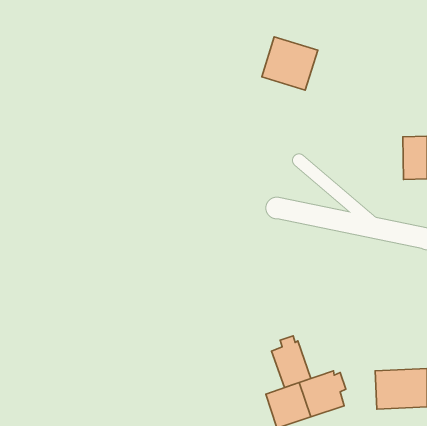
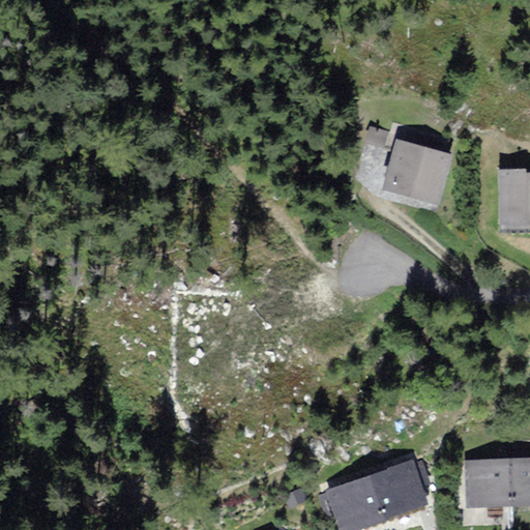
building: [262,37,318,90] -> [384,140,453,206]
building: [272,336,311,388] -> none

